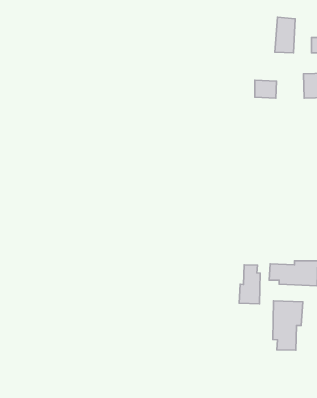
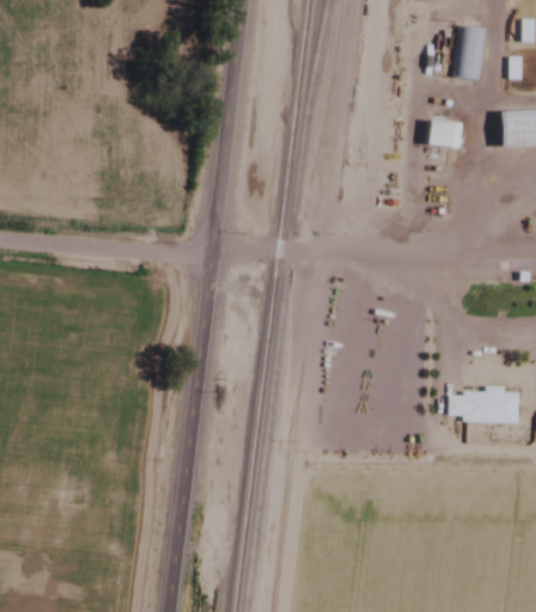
building: [239,265,260,304] -> none
building: [273,301,303,350] -> none

